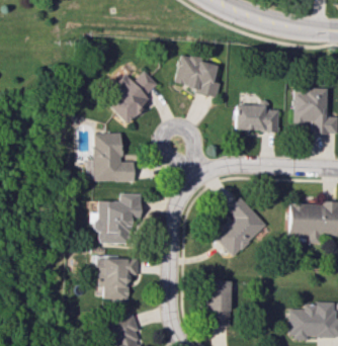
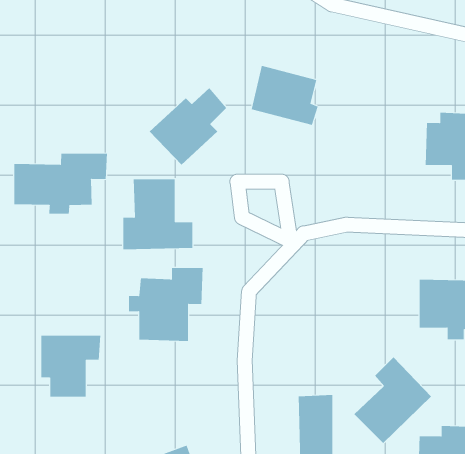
building: [235,102,279,132] -> none
building: none -> [14,153,107,214]
building: [214,196,267,256] -> [354,357,432,444]
building: [97,258,139,300] -> [41,335,101,397]

